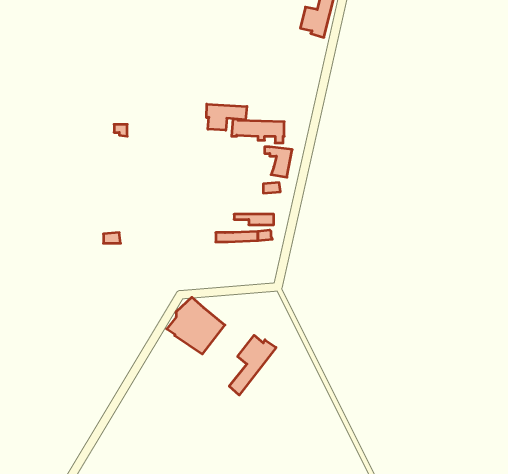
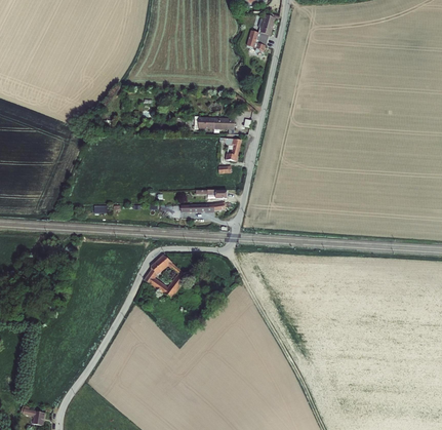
building: [207,104,247,130] -> none
building: [229,335,276,395] -> none

